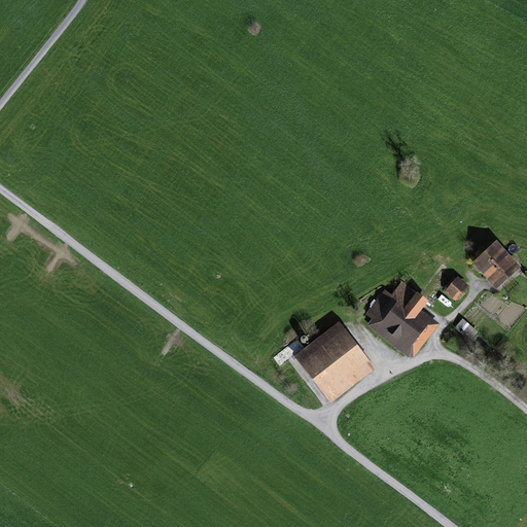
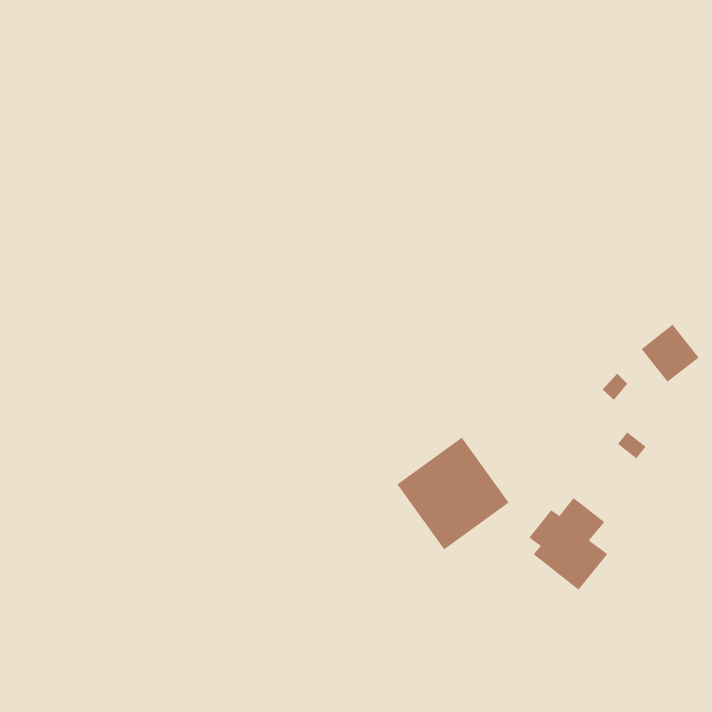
building: [367,283,426,352] -> [529,497,608,591]

